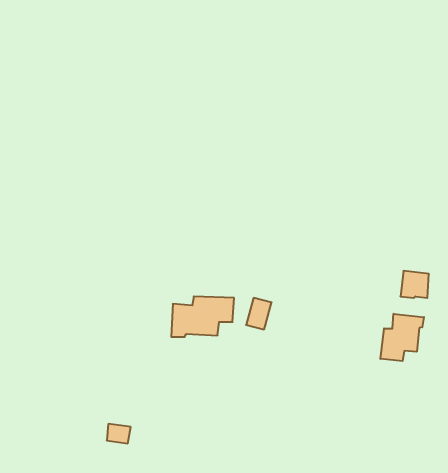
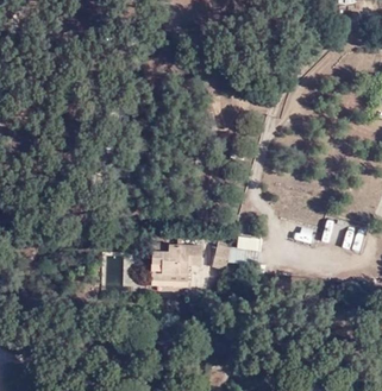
building: [380,314,424,361] -> none

